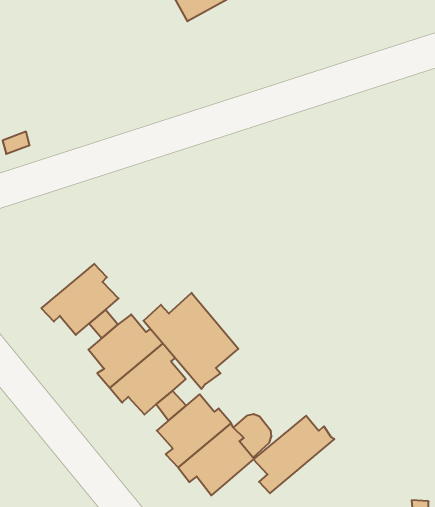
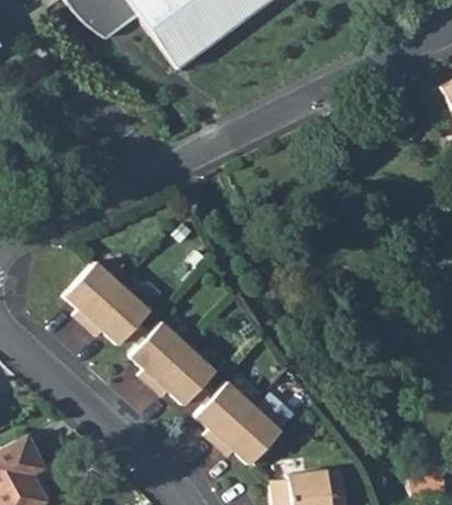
building: none -> [65,261,125,326]
building: [143,293,238,389] -> none
building: [253,416,334,493] -> none

